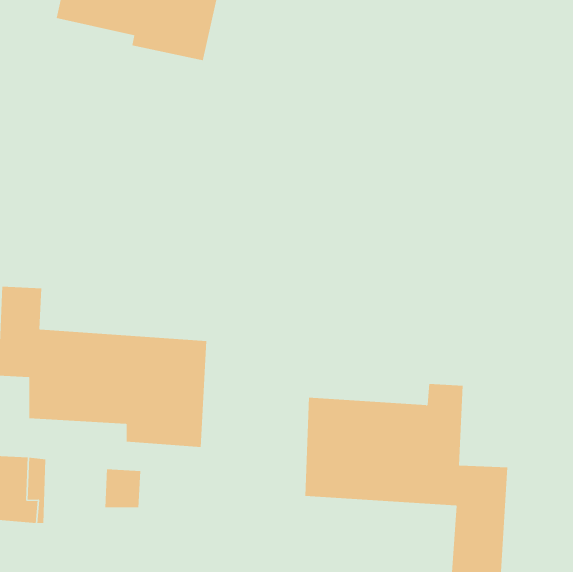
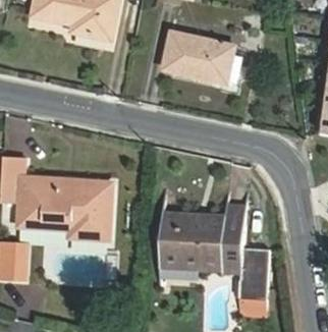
building: none -> [164,33,242,82]

